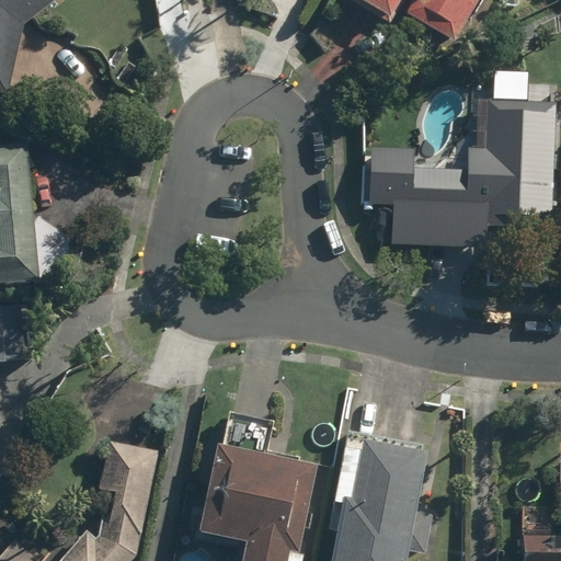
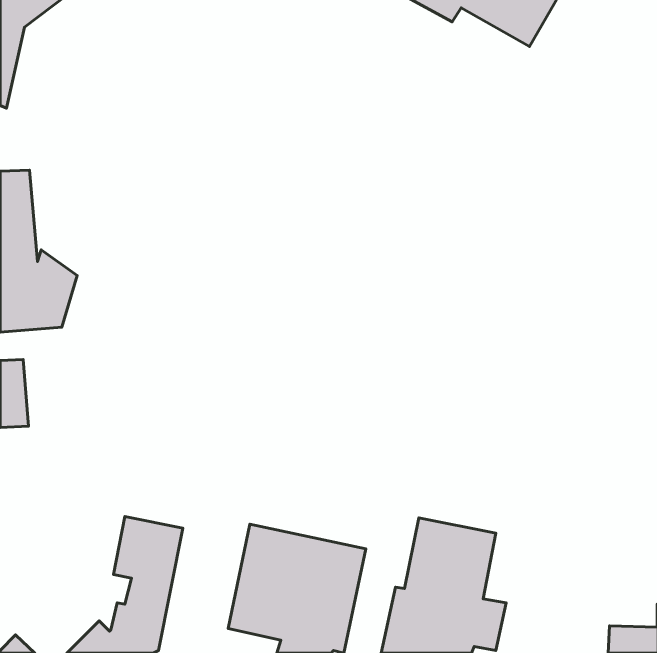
building: [375,100,554,245] -> none

